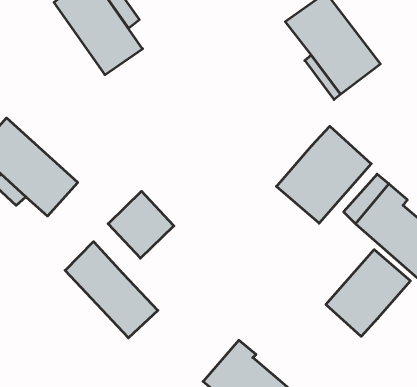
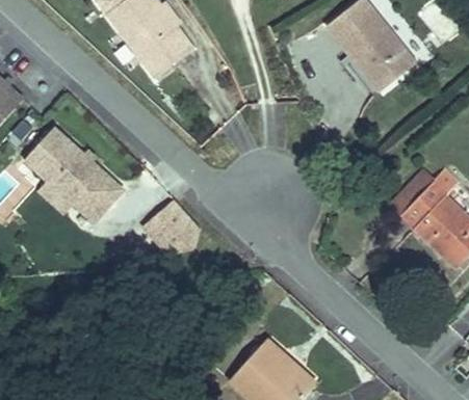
building: [276,126,371,223] -> none
building: [65,242,158,338] -> none
building: [326,250,410,336] -> none

